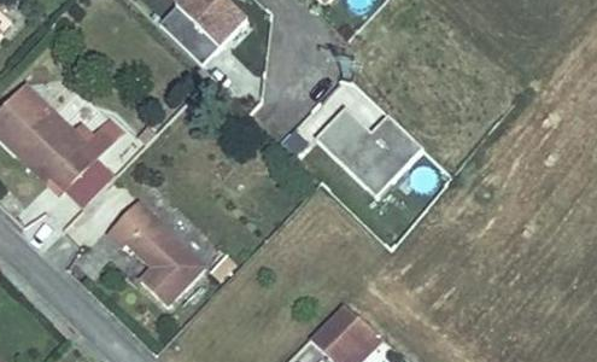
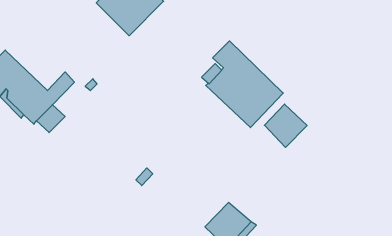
building: none -> [264,104,307,147]
building: [107,202,204,305] -> none

